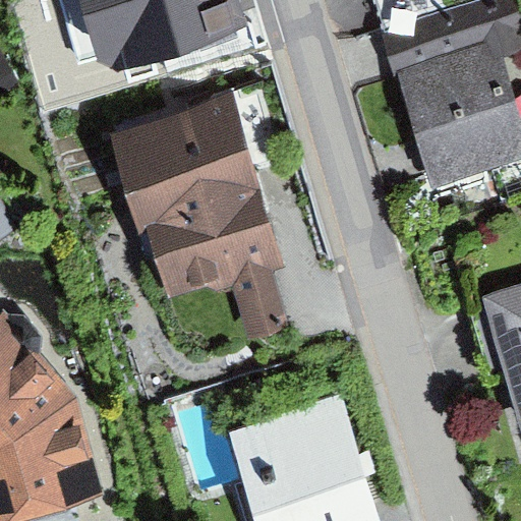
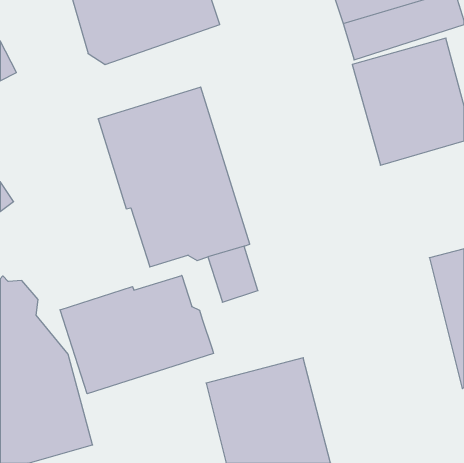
building: none -> [60,275,213,394]

